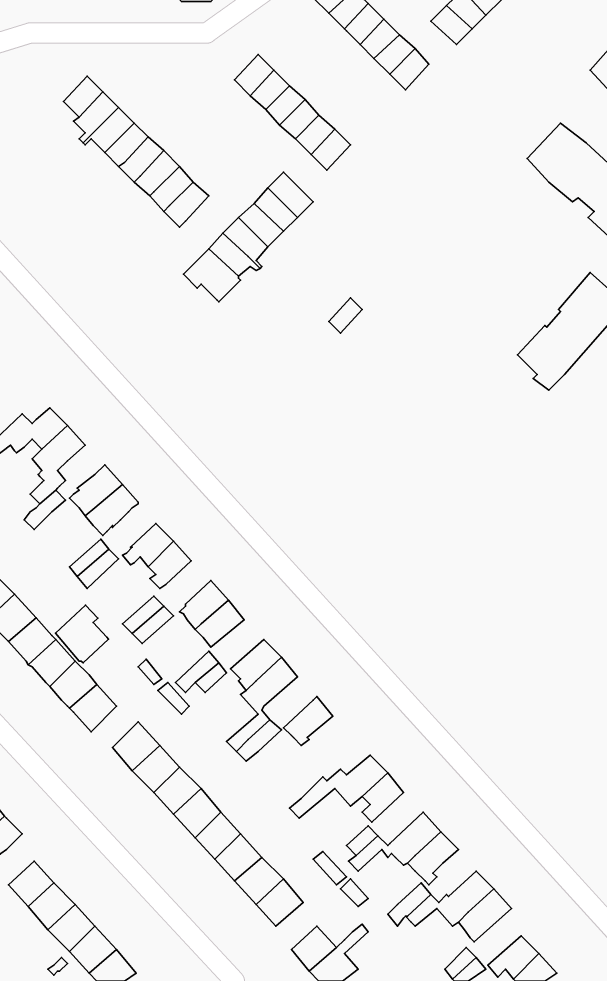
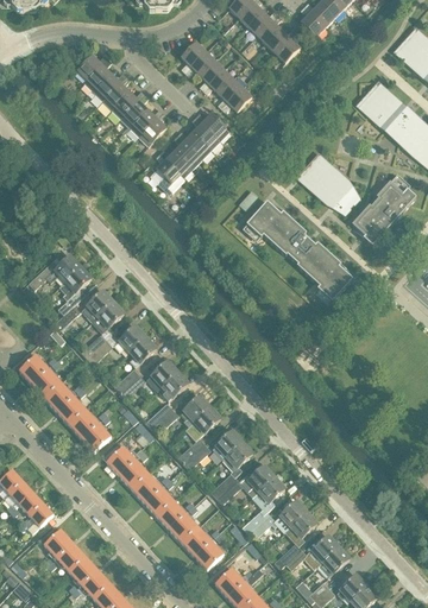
building: none -> [298,154,360,214]
building: none -> [241,200,352,304]
building: [55,605,109,663] -> none
building: none -> [209,441,251,496]

